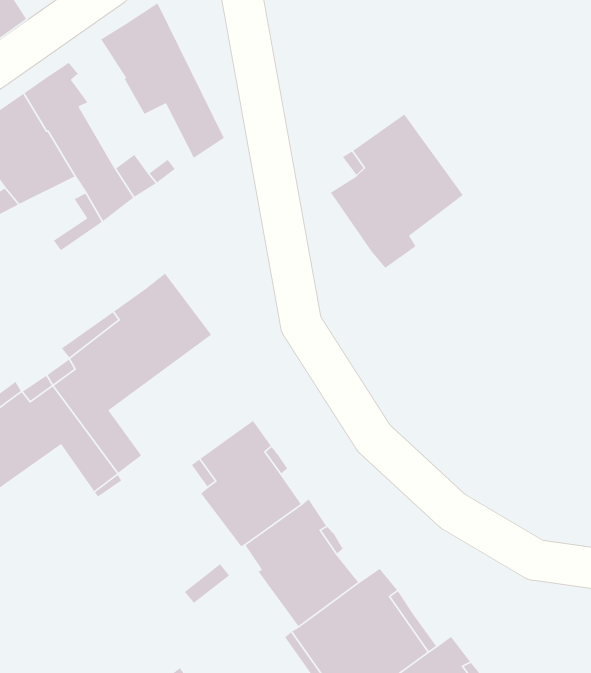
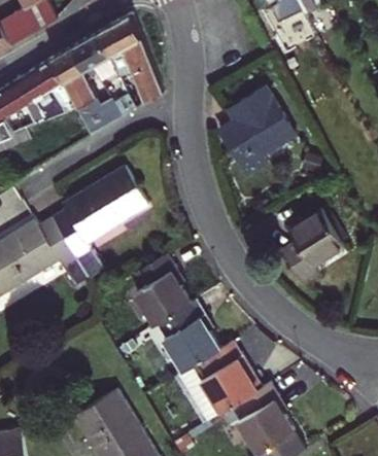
building: none -> [78,32,116,80]
building: none -> [282,209,343,281]

